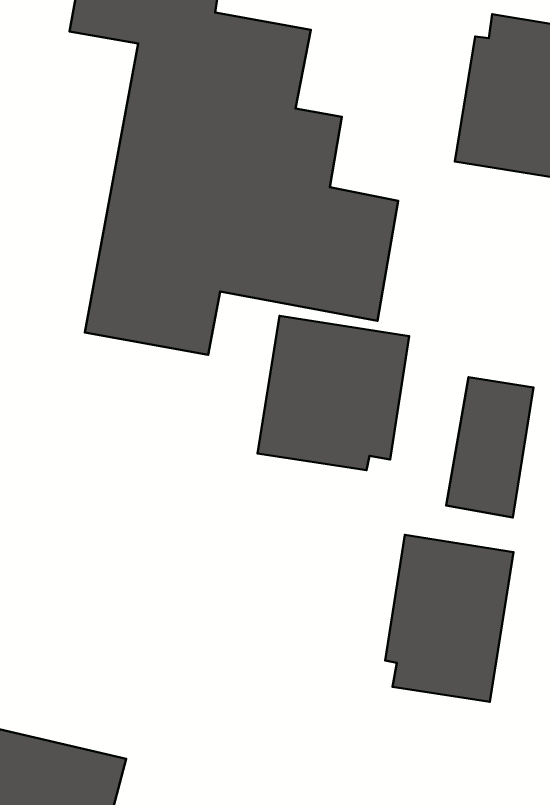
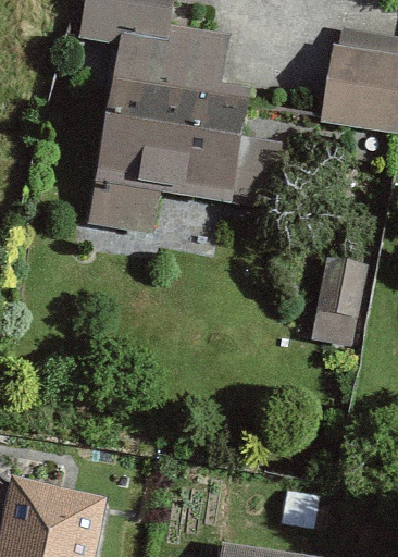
building: [258,316,409,470] -> none
building: [385,535,513,702] -> none

